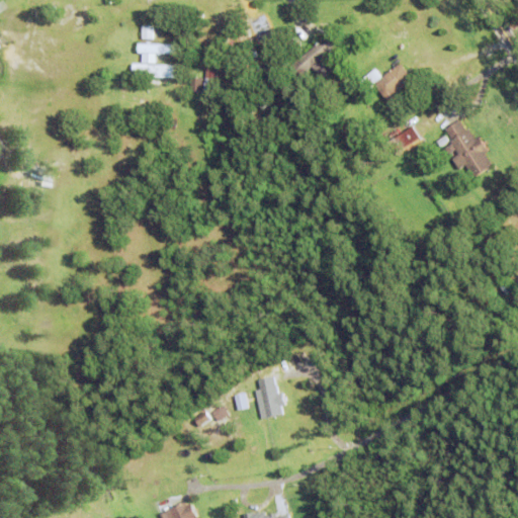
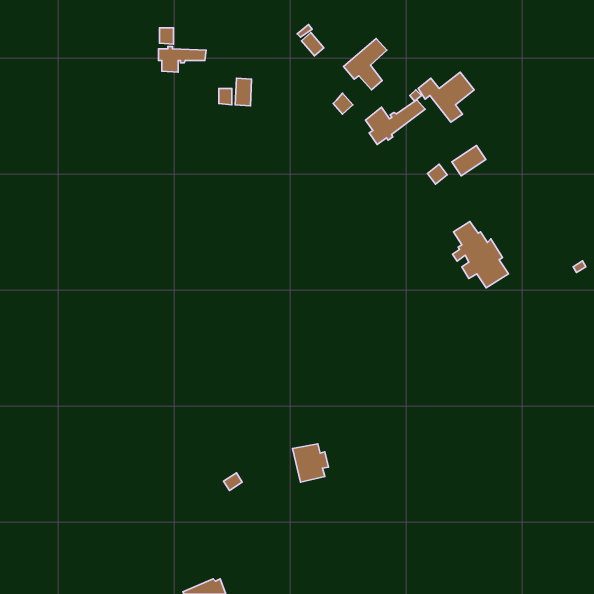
building: [131,63,174,77] -> none
building: none -> [366,100,425,144]
building: [444,119,493,177] -> [452,221,508,288]

